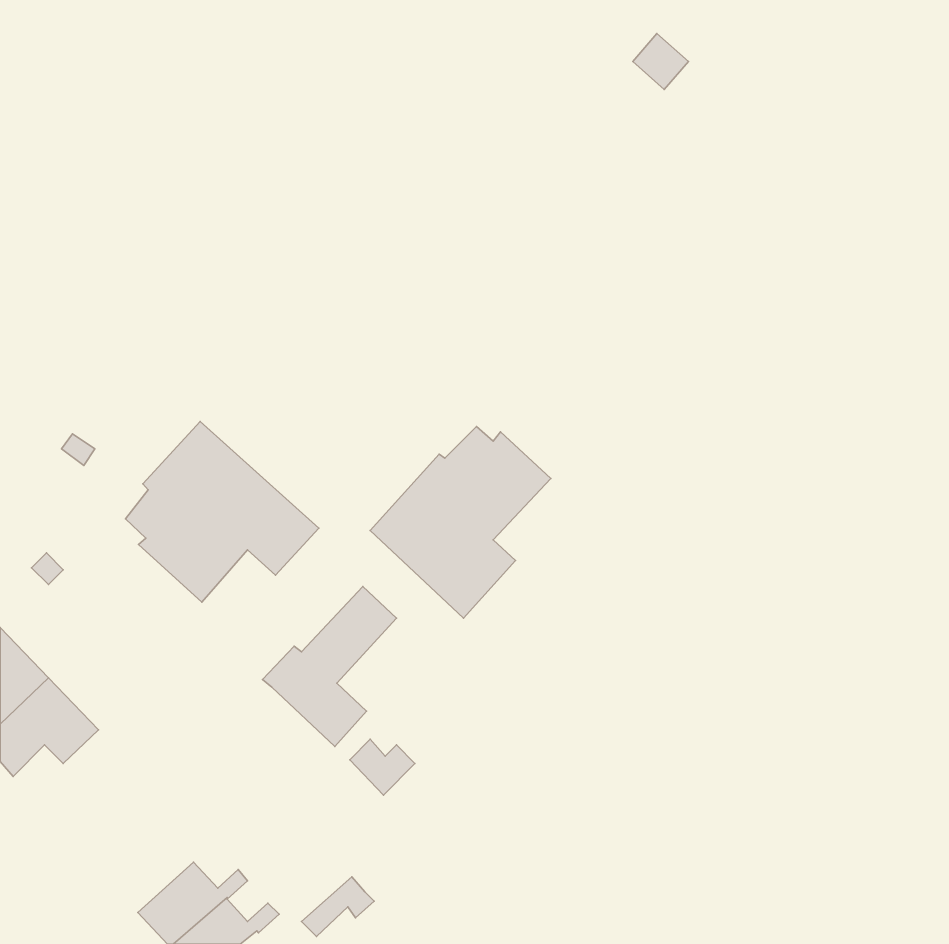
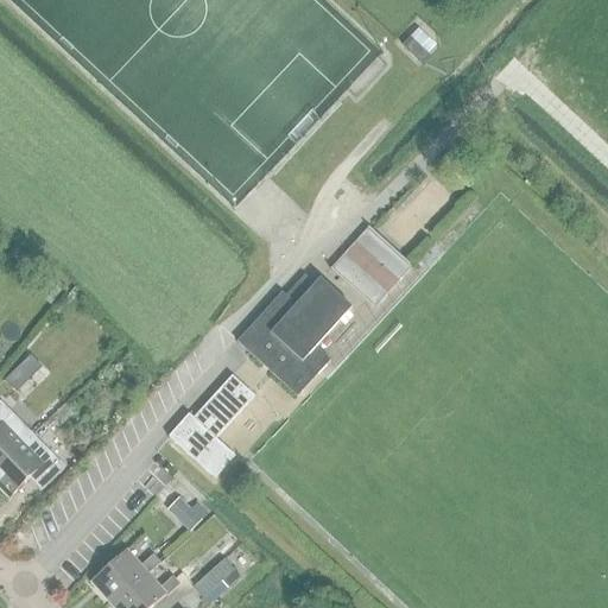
building: none -> [330,224,408,304]
building: [125,422,319,602] -> none
building: [350,739,415,795] -> [169,495,210,531]

